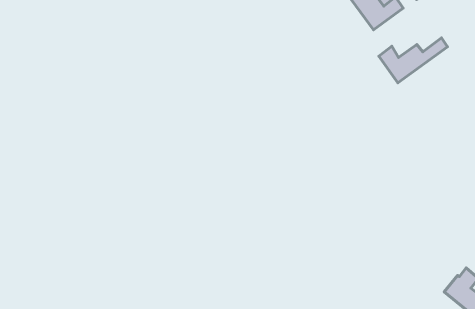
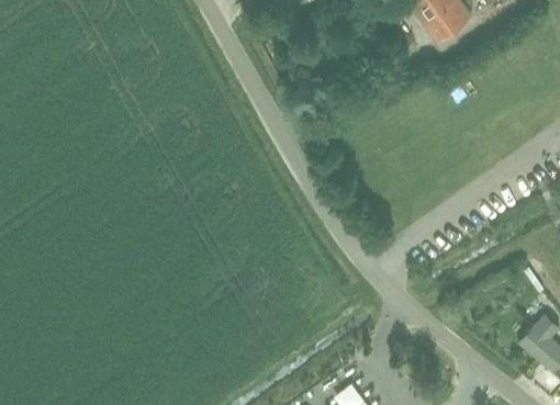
building: [379,38,448,83] -> none

